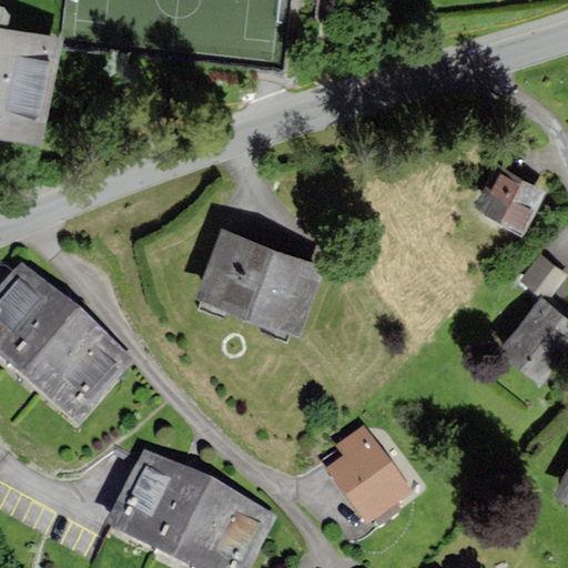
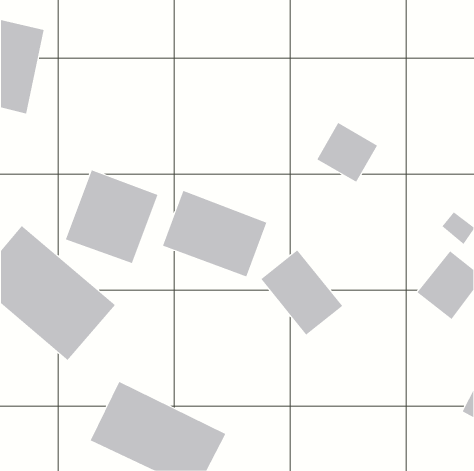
building: [479,159,552,231] -> [316,122,378,183]
building: none -> [65,170,158,264]
building: [324,428,423,531] -> [261,249,343,336]

